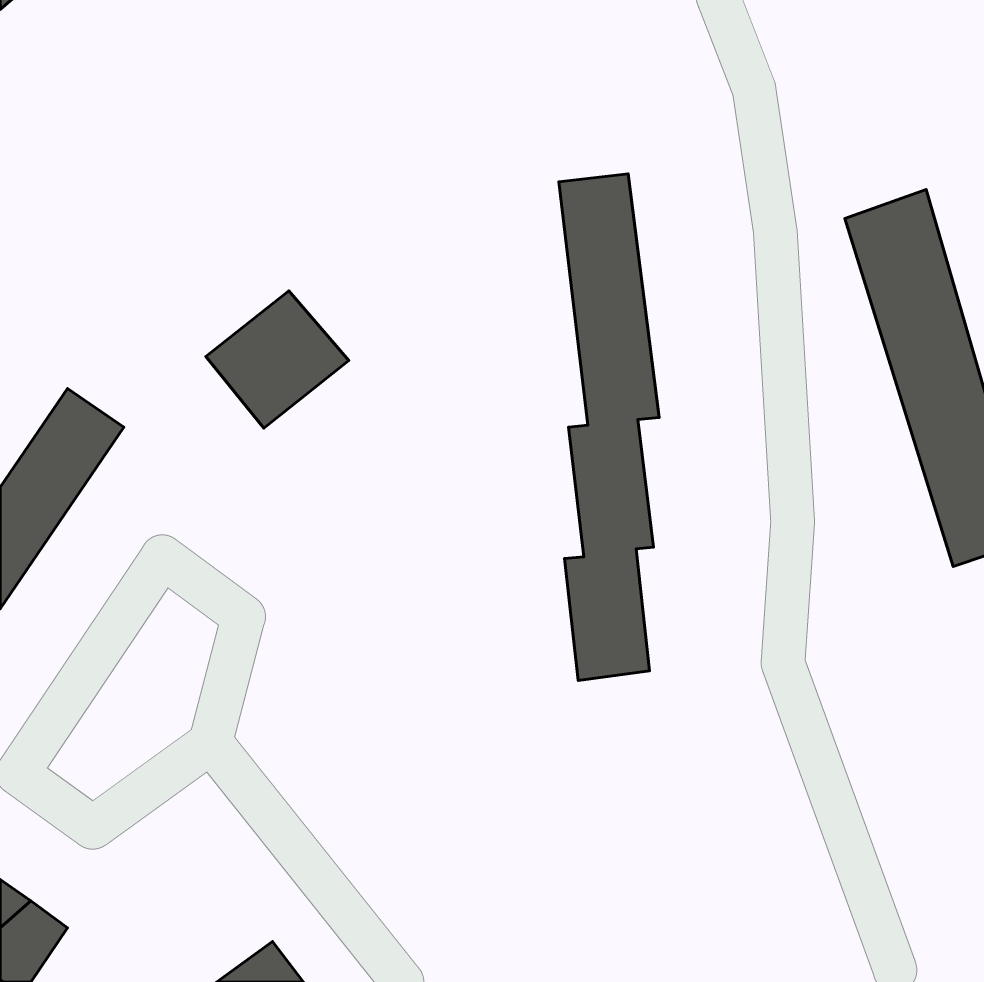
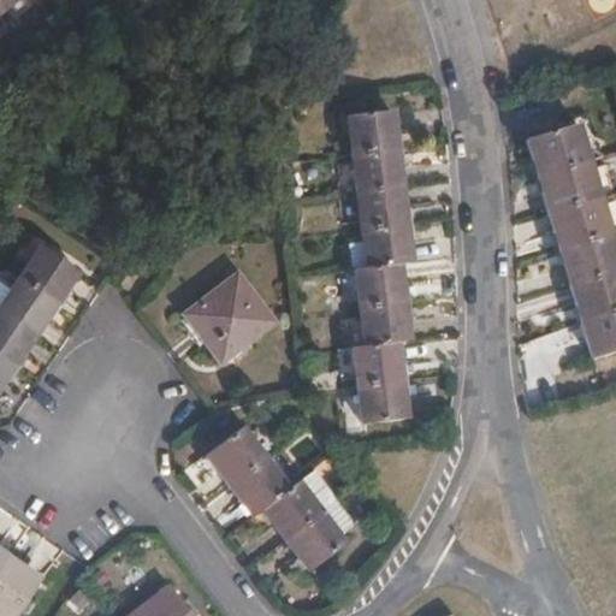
building: [206,291,349,428] -> [186,276,276,361]
building: none -> [206,427,344,569]

